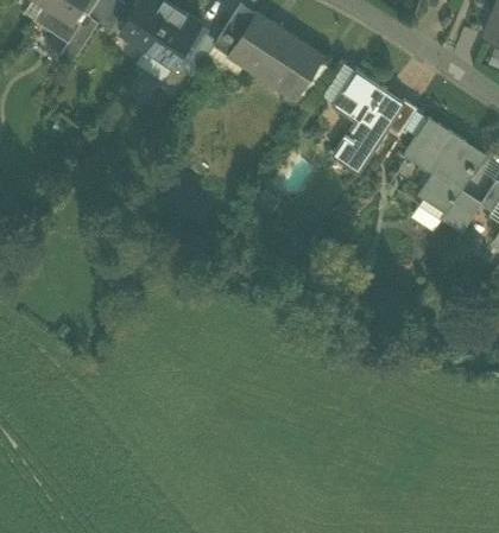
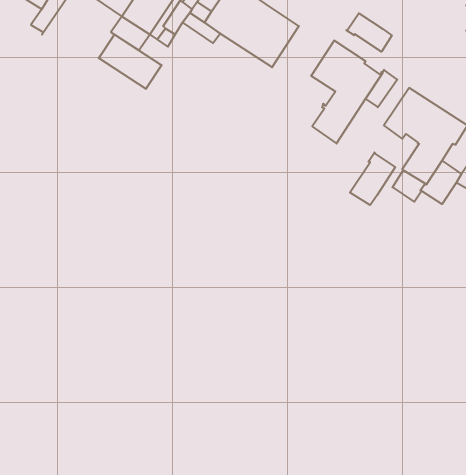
building: none -> [346,13,392,52]
building: none -> [99,34,162,89]
building: none -> [350,152,395,205]

